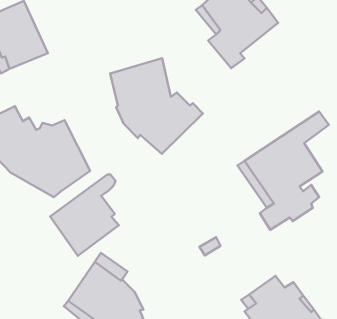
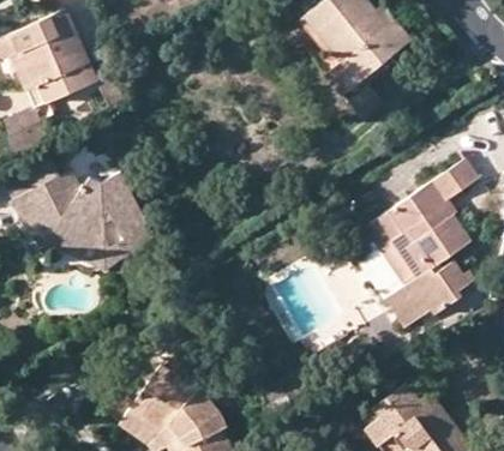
building: [110,58,203,154] -> none
building: [50,174,119,256] -> none

